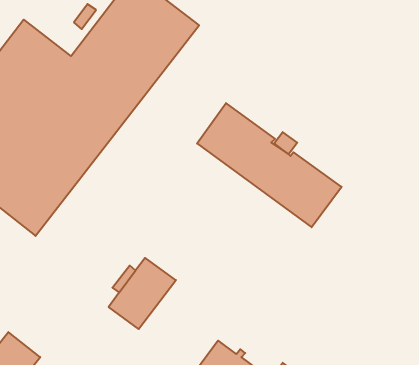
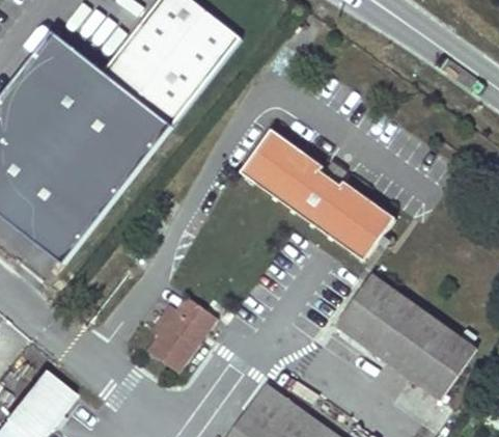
building: none -> [334,274,474,399]

